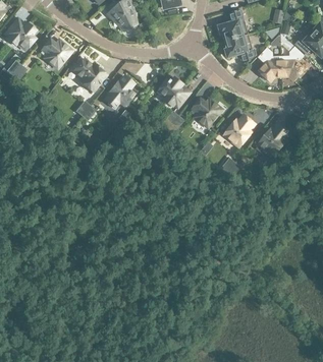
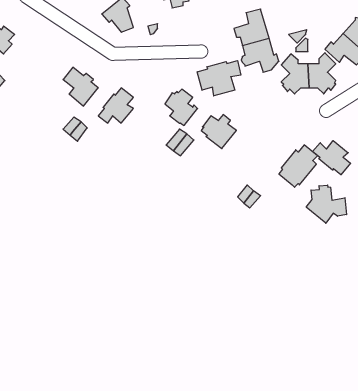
building: [38,40,68,68] -> none
building: none -> [197,61,241,96]
building: [223,114,255,146] -> none
building: none -> [312,141,351,175]
building: none -> [306,185,347,223]

